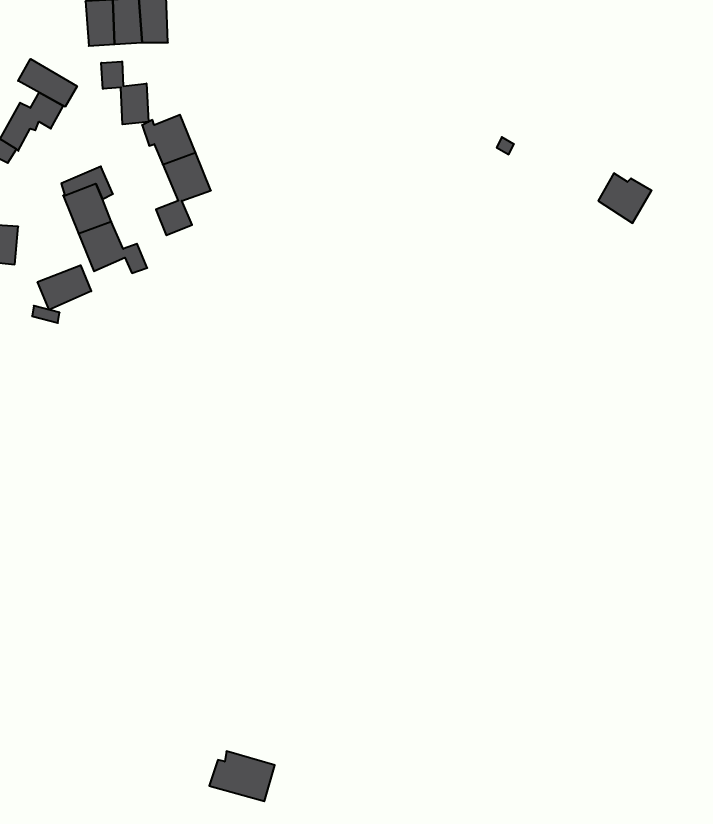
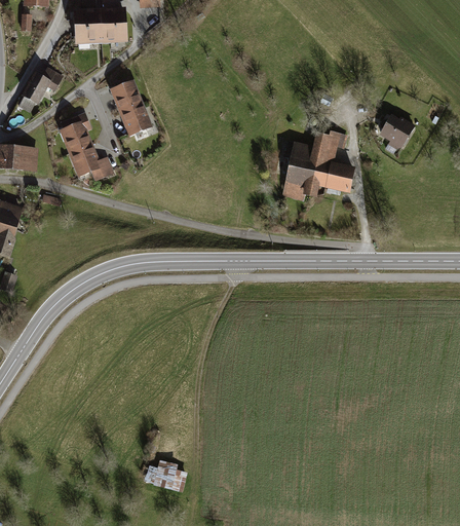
building: [18,59,77,107] -> none
building: [101,61,149,124] -> none
building: none -> [284,132,352,196]
building: [38,265,91,310] -> none

